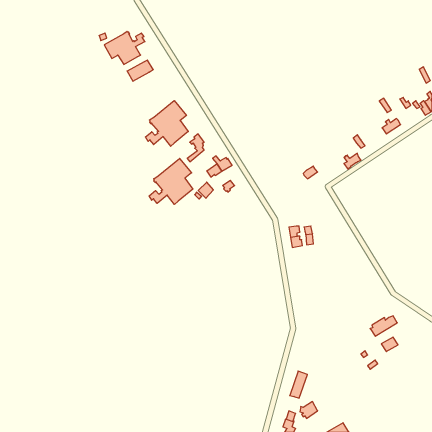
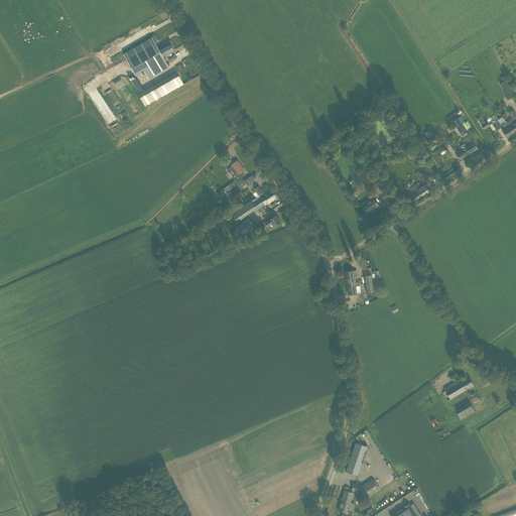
building: [145,101,188,146] -> none
building: [149,158,193,204] -> none

